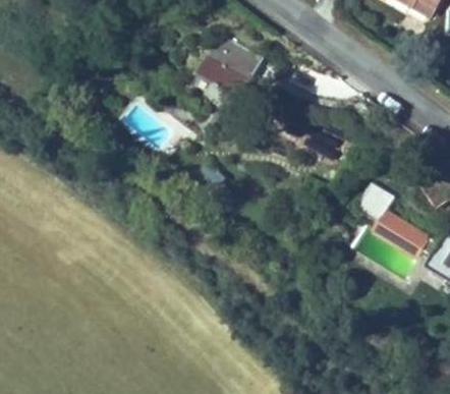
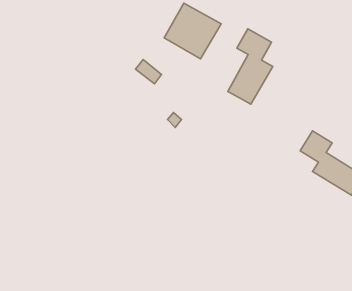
building: none -> [228,29,273,104]

